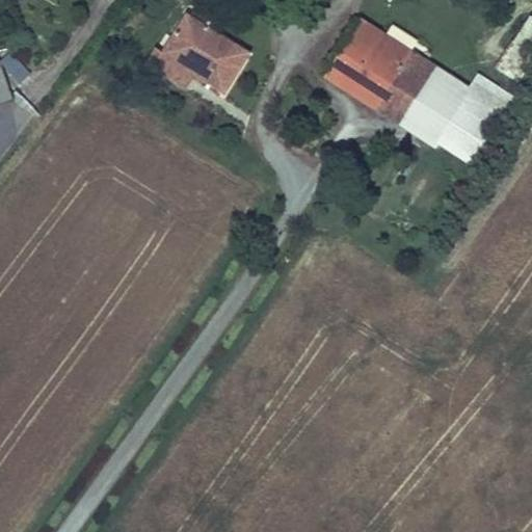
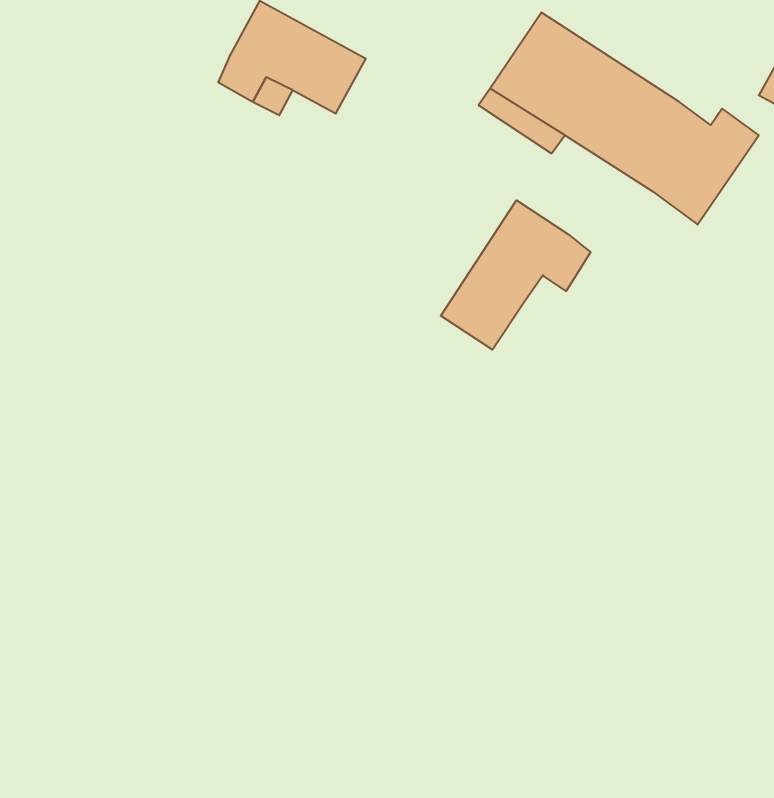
building: none -> [441,200,591,350]

